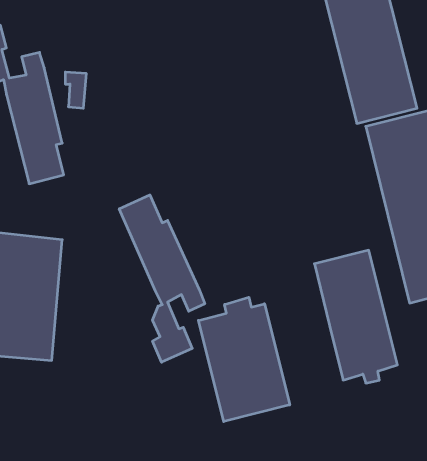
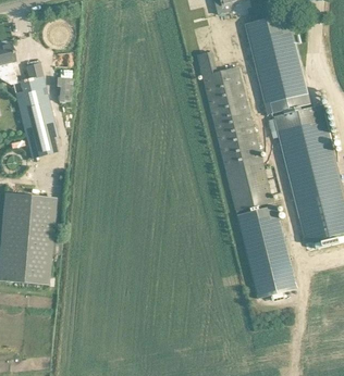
building: none -> [197,51,272,210]
building: [119,195,205,362] -> none
building: [198,297,290,422] -> none

